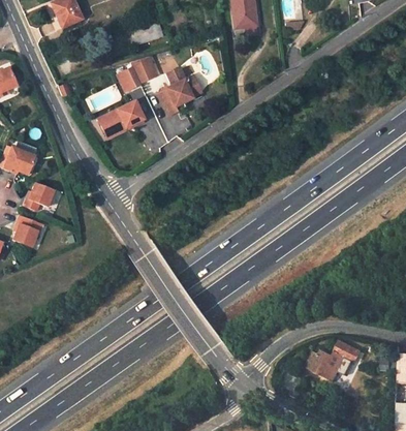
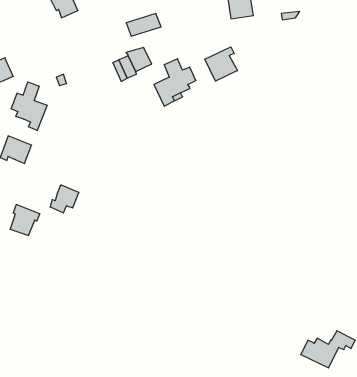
building: none -> [205,47,238,81]
building: none -> [11,82,47,131]
building: [99,100,144,132] -> none
building: [24,183,53,211] -> [50,185,79,213]

